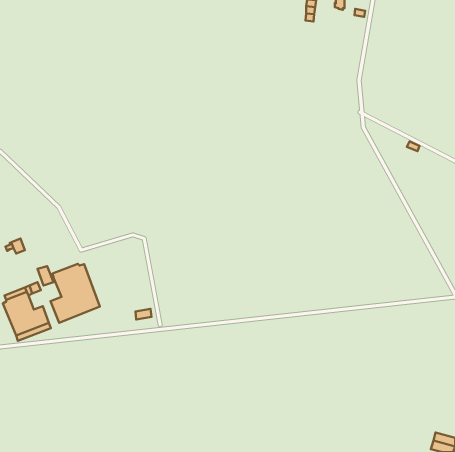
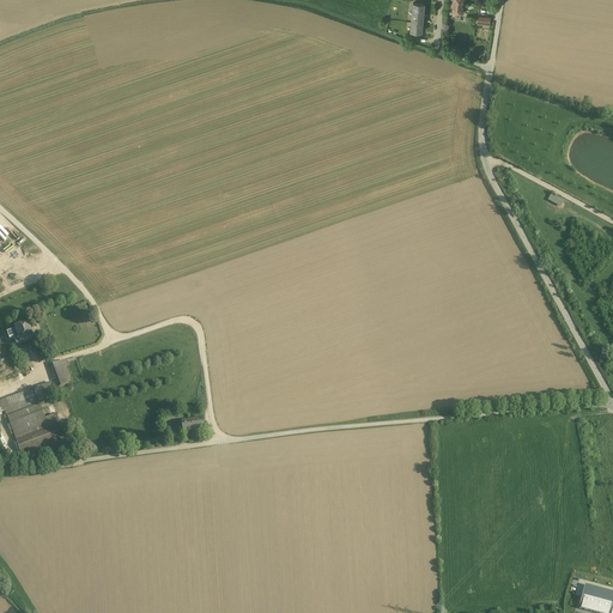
building: [50,264,100,323] -> none

